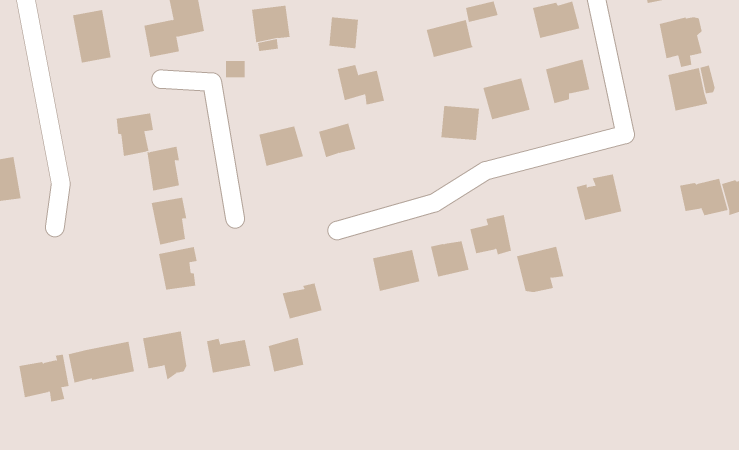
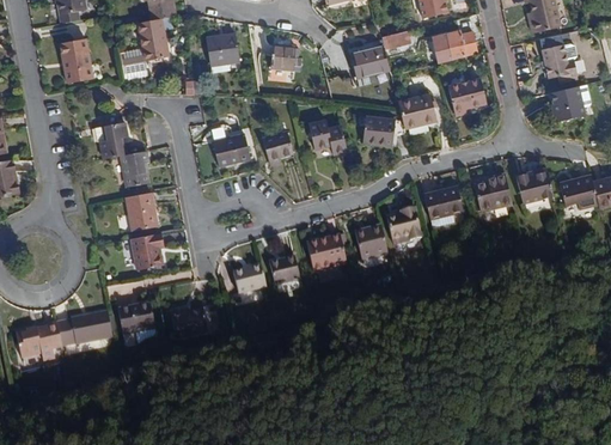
building: [337,64,385,105] -> [308,121,348,154]
building: none -> [517,175,552,203]
building: [516,246,564,293] -> [423,187,463,225]
building: [268,337,304,372] -> [269,256,299,285]

